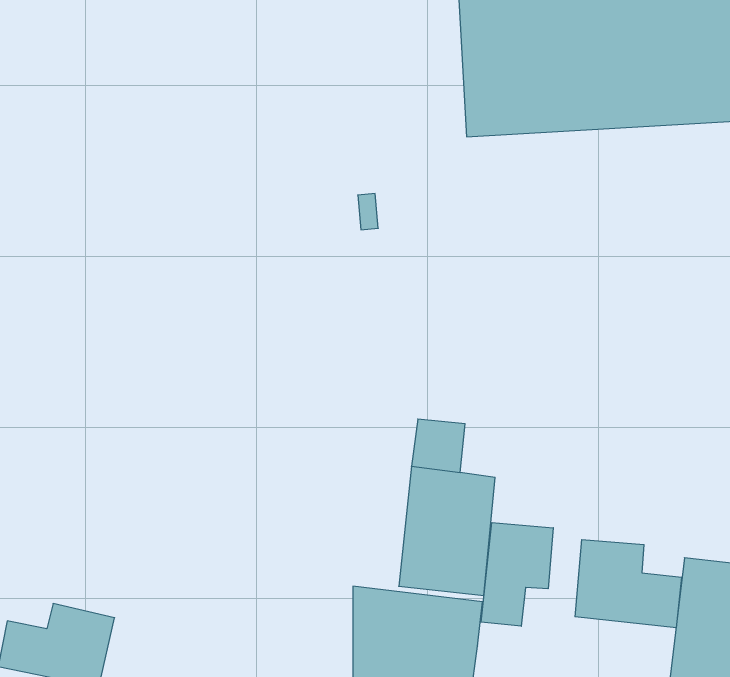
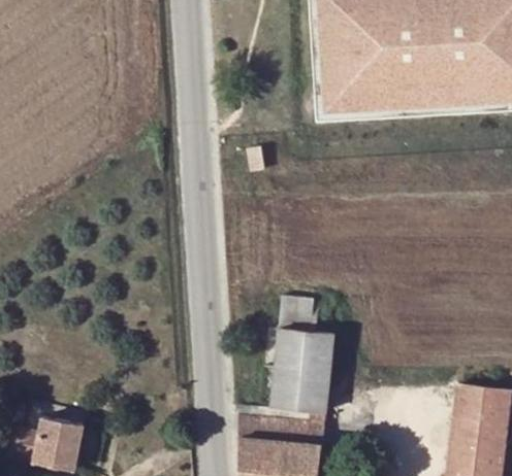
building: [481,523,553,626] -> none
building: [575,540,681,628] -> none

